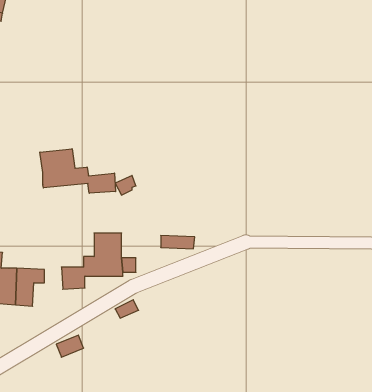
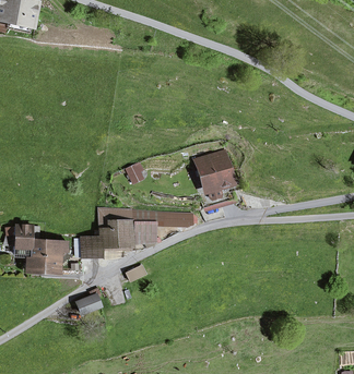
building: [40,149,116,193] -> none
building: none -> [198,154,235,205]

